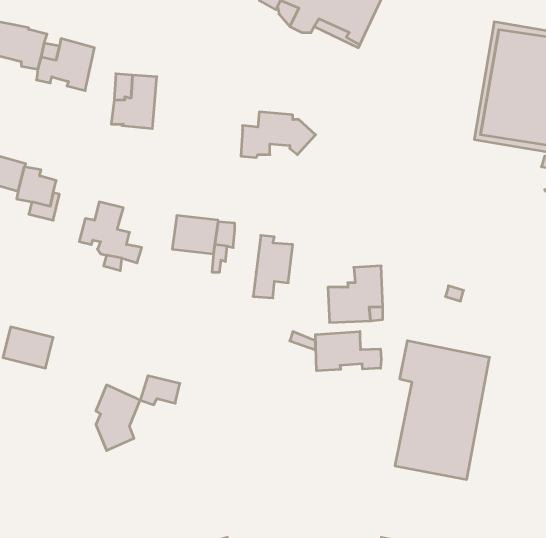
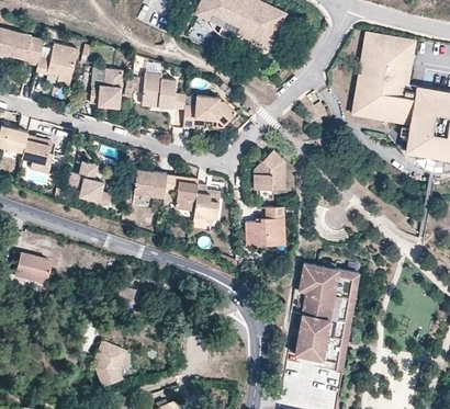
building: none -> [143,73,187,110]
building: none -> [255,150,286,191]
building: none -> [177,181,199,212]
building: [315,331,381,371] -> none
building: [96,385,140,451] -> [94,341,126,388]

